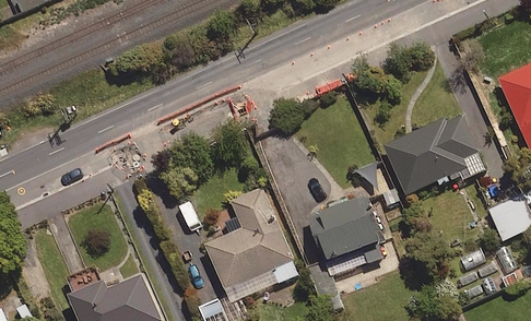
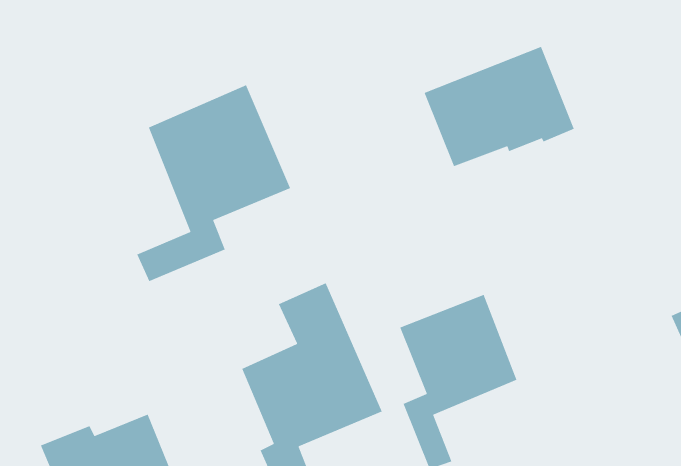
building: none -> [136,84,291,282]
building: [384,112,483,192] -> [424,46,575,167]

